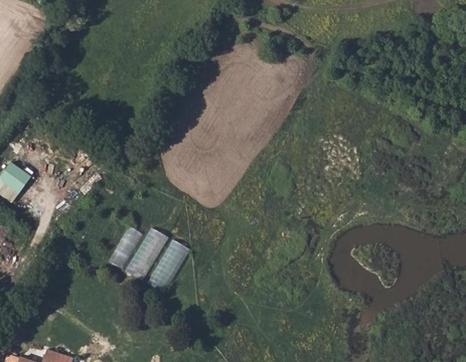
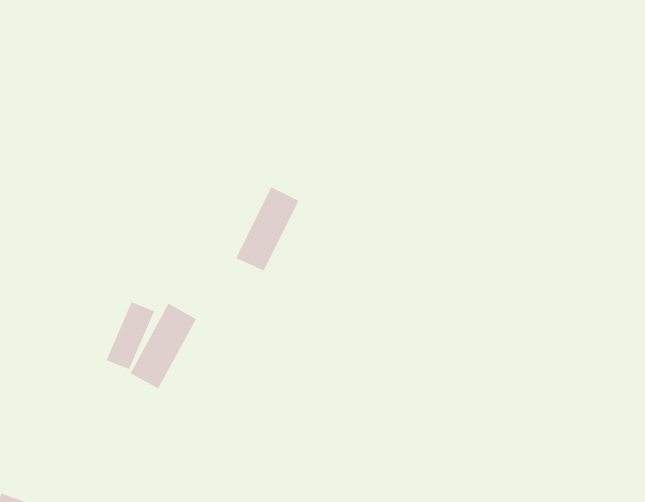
building: [148,239,188,293] -> [235,186,300,271]

